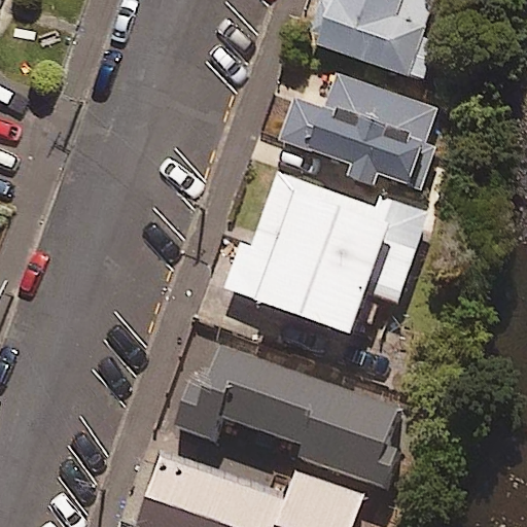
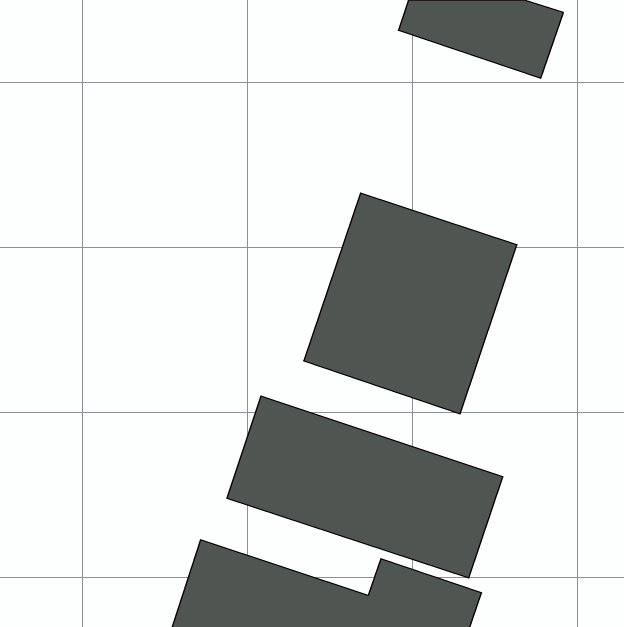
building: [313,73,461,205] -> none

